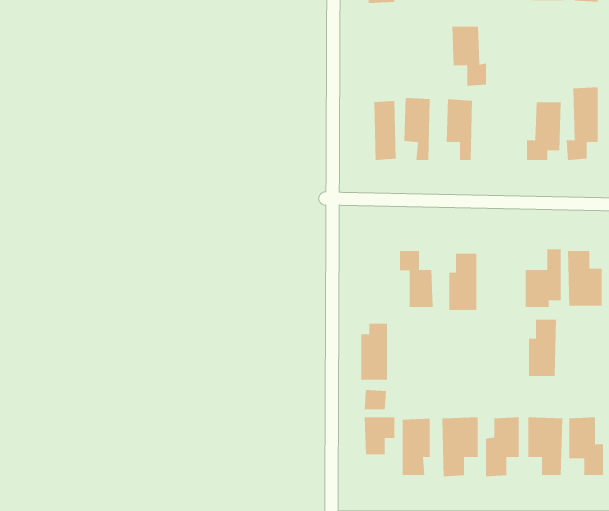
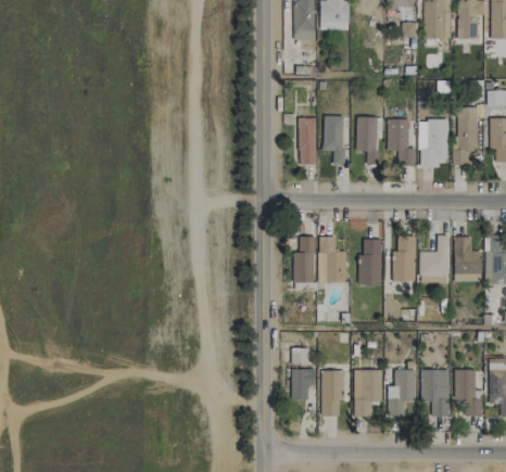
building: [451,26,487,86] -> [387,118,415,166]
building: [528,319,557,376] -> [392,235,415,281]
building: [360,323,388,380] -> [293,237,315,282]

